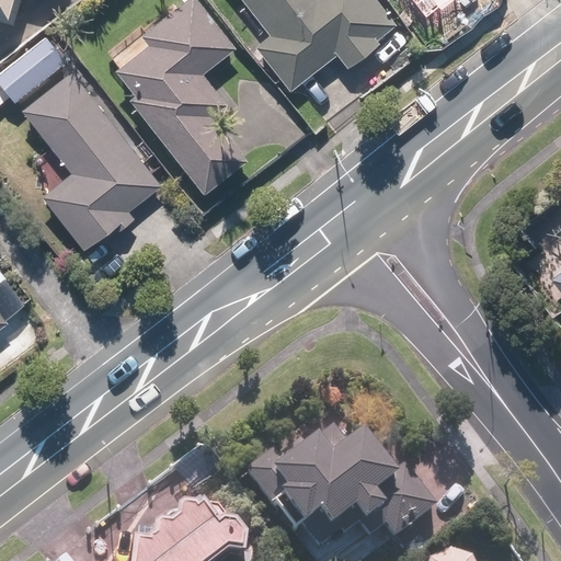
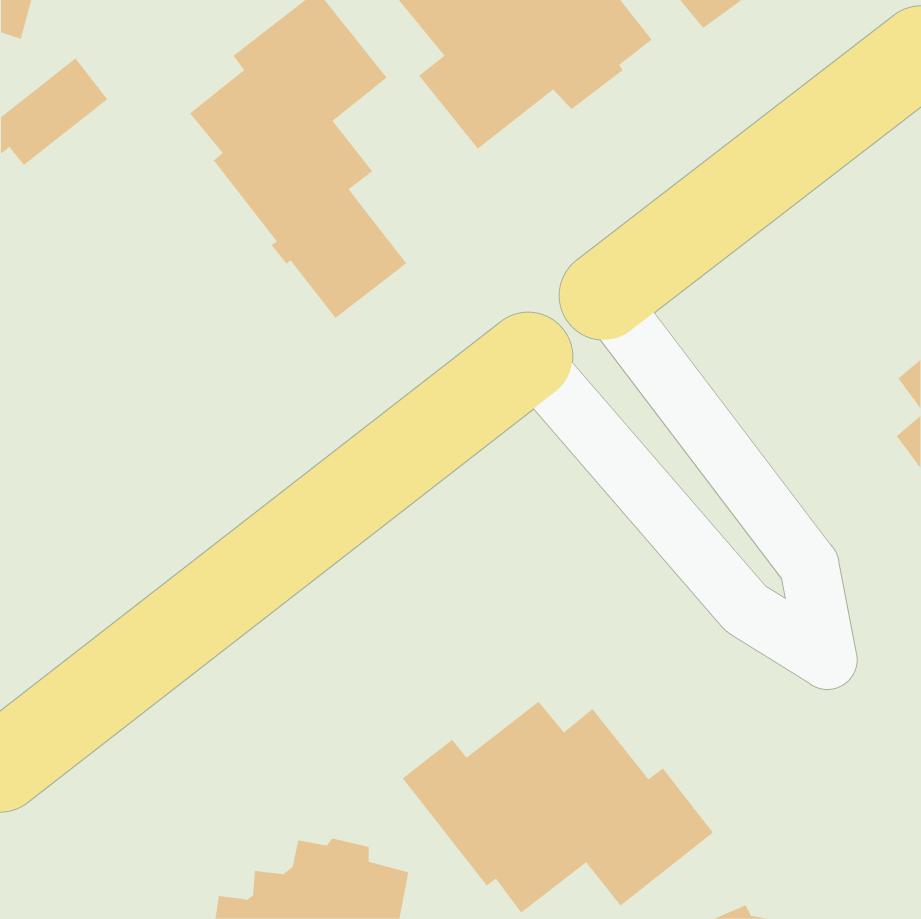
building: [22,70,161,249] -> none

